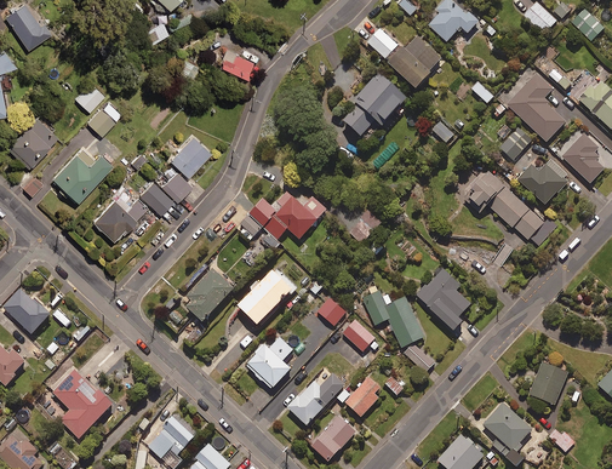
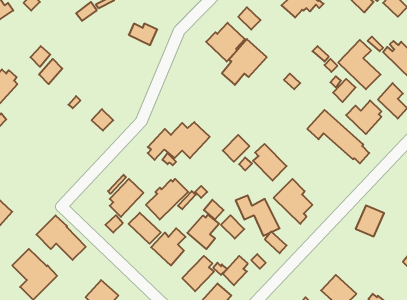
building: [387,34,441,88] -> [206,23,245,62]
building: [167,133,208,176] -> none
building: [50,144,111,200] -> none
building: [138,179,171,213] -> none
building: [91,196,144,240] -> none
building: none -> [253,144,287,181]
building: none -> [129,213,161,244]
building: none -> [187,215,219,249]
building: none -> [36,215,86,260]
building: [528,361,568,405] -> [356,205,384,236]

